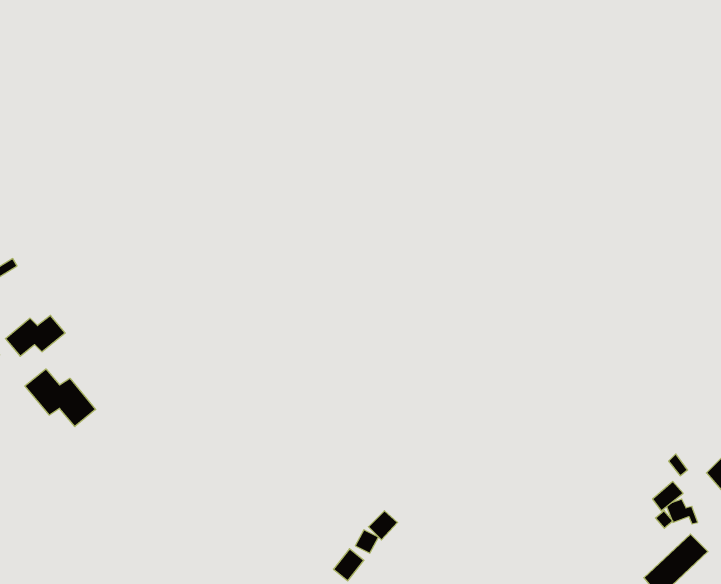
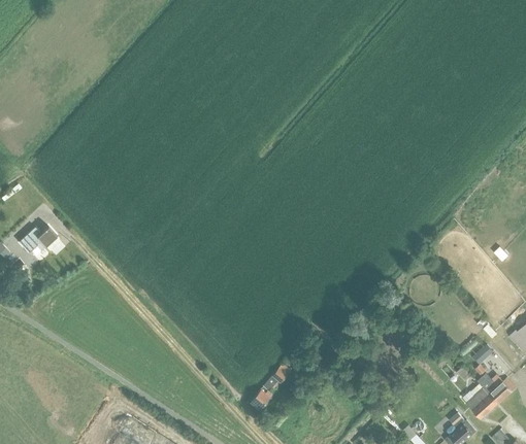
building: [25,369,96,427] -> none

